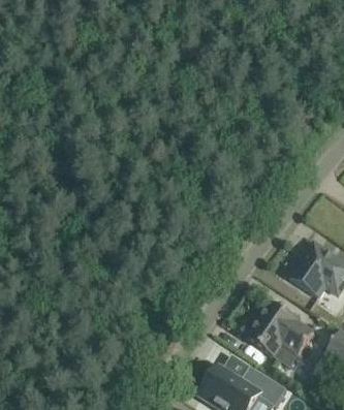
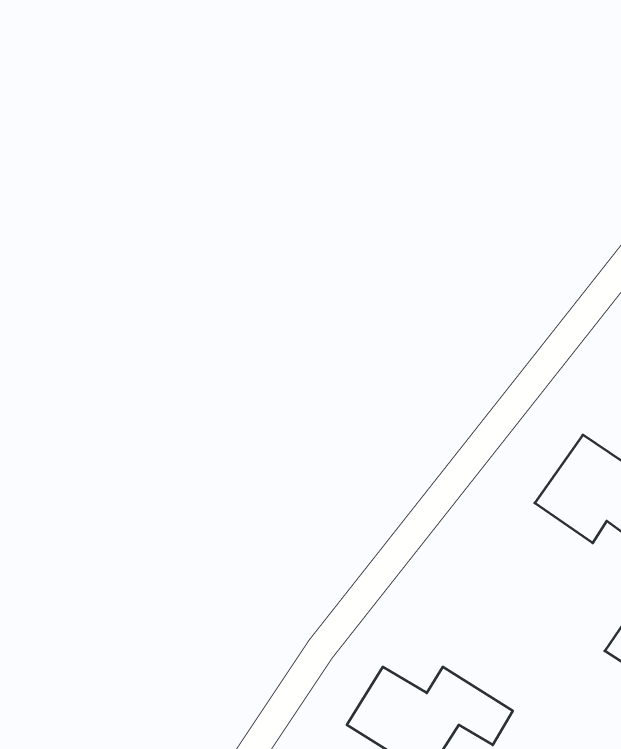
building: [247,303,314,367] -> none

